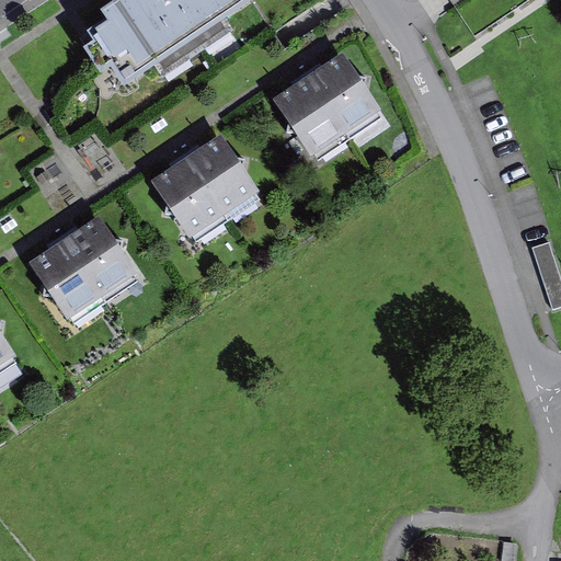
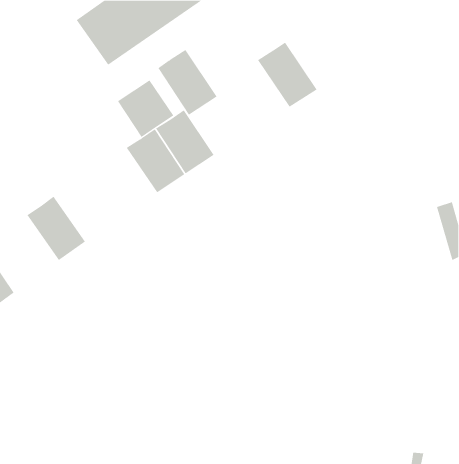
building: [275,75,347,154] -> [157,49,218,116]
building: none -> [117,79,174,138]
building: [65,215,136,293] -> none

